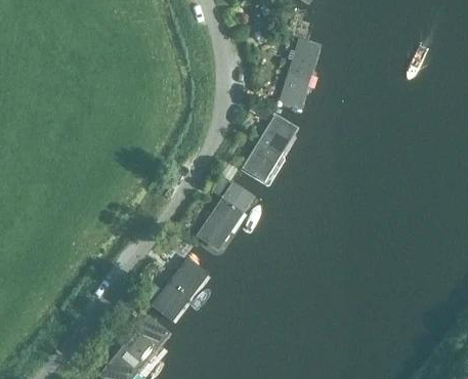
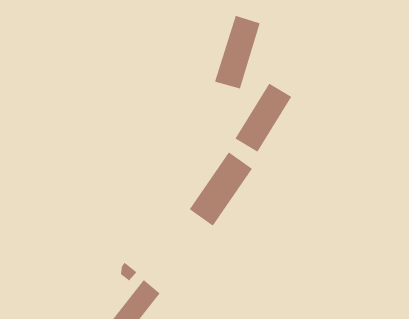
building: [276,37,324,112] -> [214,15,261,89]
building: [151,254,203,317] -> none

